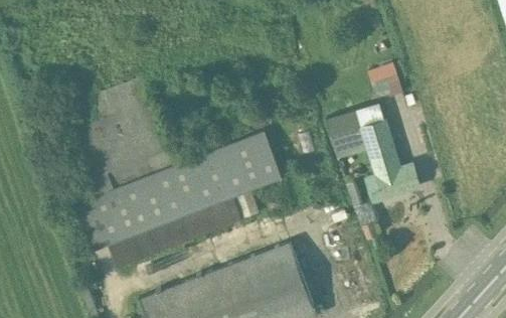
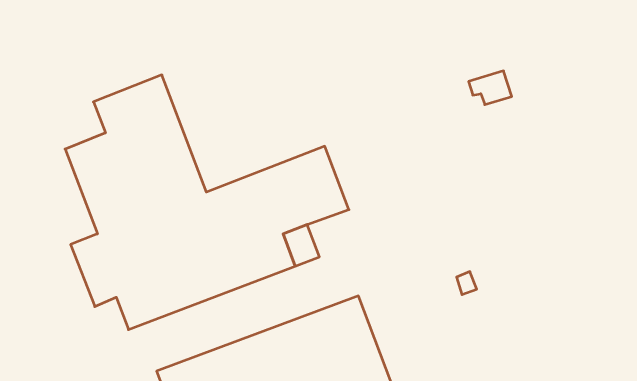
building: [330,104,421,201] -> none

